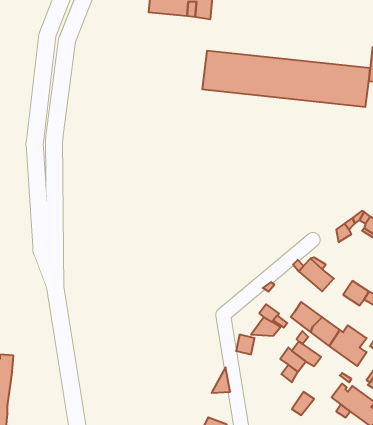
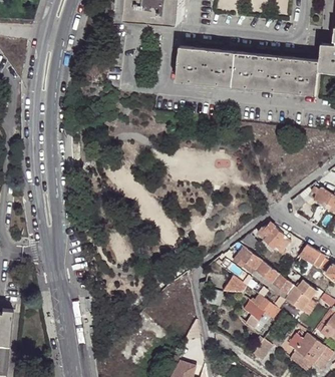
building: none -> [235,250,262,276]

